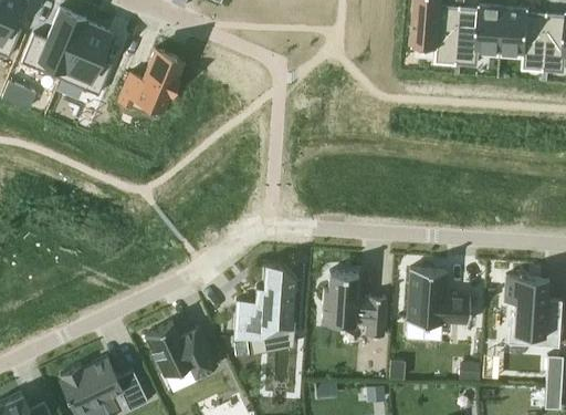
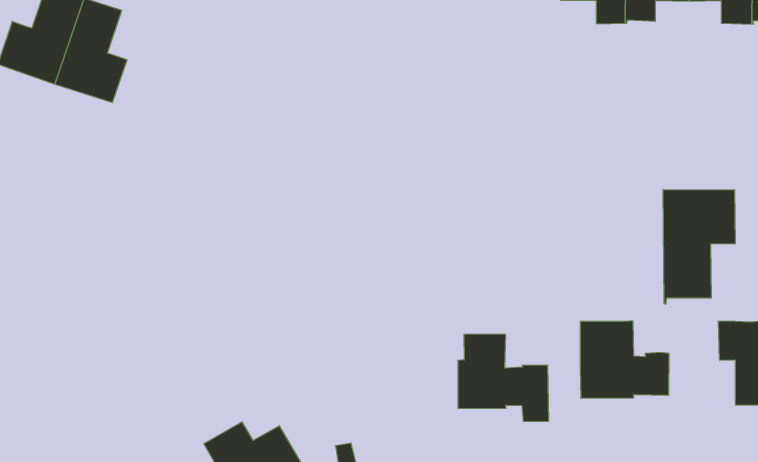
building: [118,51,182,120] -> none
building: none -> [663,189,735,304]
building: [234,264,295,340] -> none

